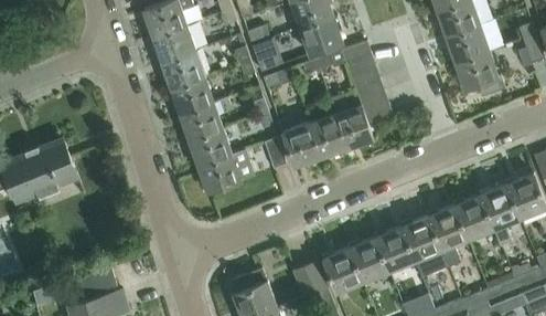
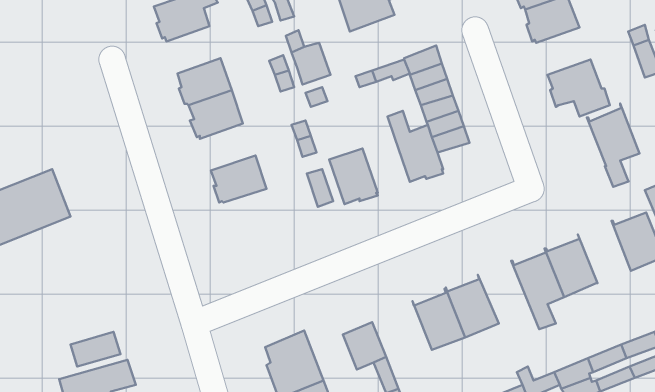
building: [298,15,342,54] -> none
building: [152,24,195,62] -> none
building: [446,25,489,63] -> none
building: [179,102,223,139] -> none
building: [308,113,345,157] -> none
building: [197,154,240,191] -> none
building: [479,179,521,245] -> [587,104,640,187]
building: [399,211,448,276] -> none
building: [320,243,363,293] -> none

